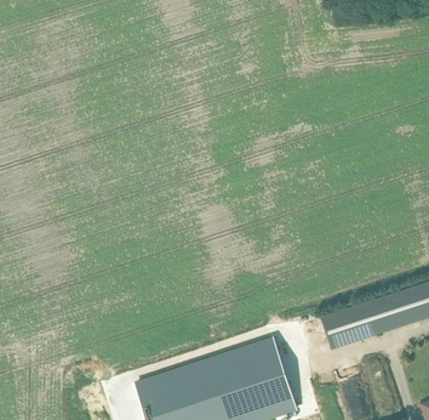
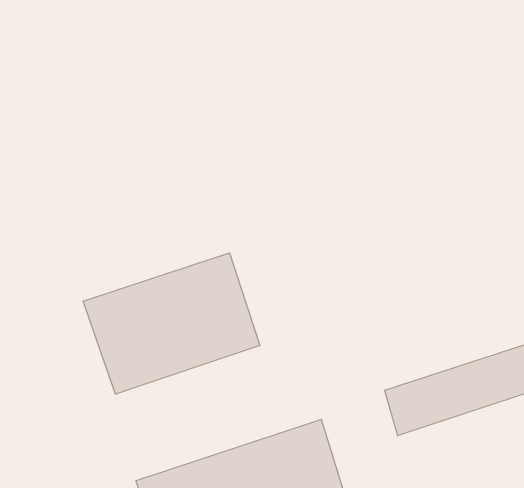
building: none -> [83,253,260,394]

